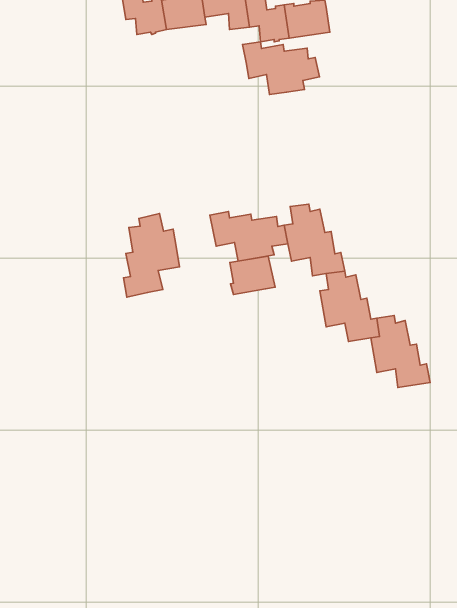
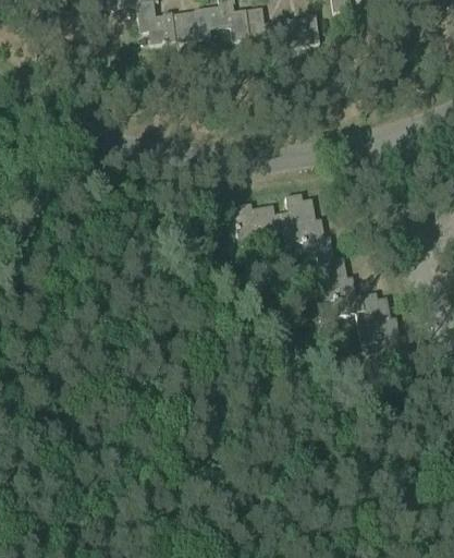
building: [242,42,319,94] -> none
building: [124,213,179,297] -> none
building: [230,256,275,295] -> none

